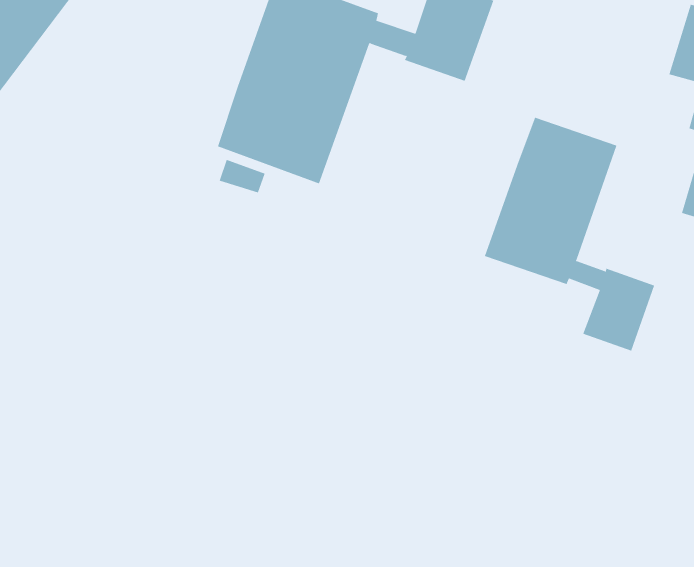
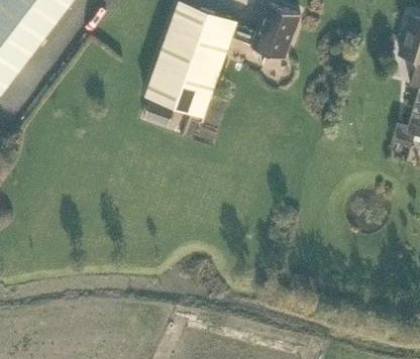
building: [484,117,655,352] -> none

